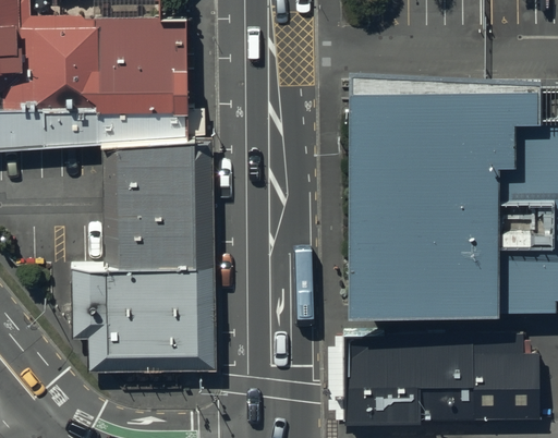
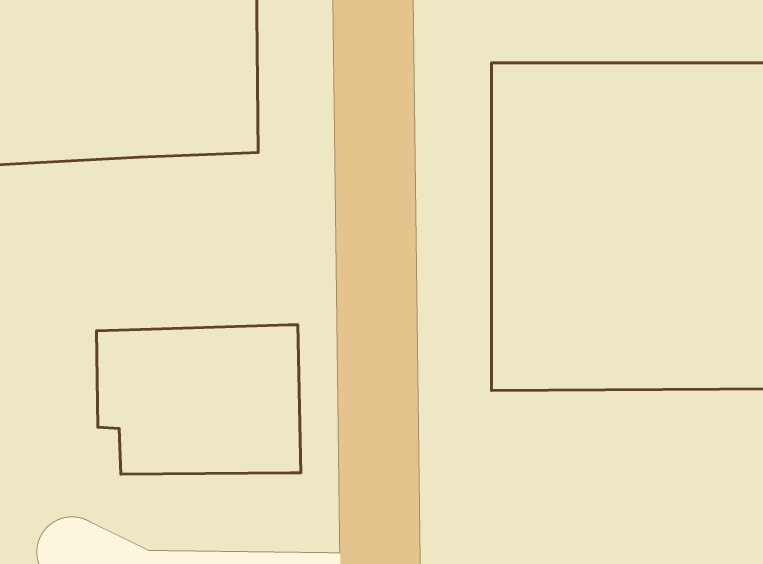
building: [100,141,214,268] -> none
building: [349,337,538,424] -> none

